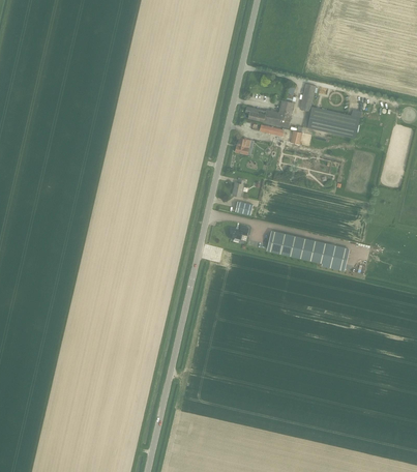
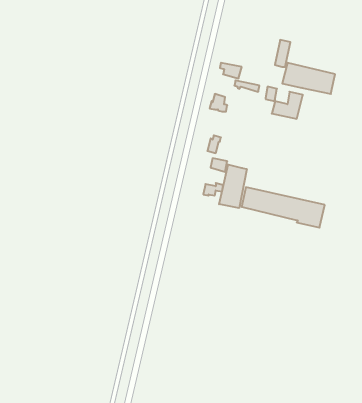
building: [263,99,294,126] -> [272,92,303,119]
building: none -> [219,165,247,208]

